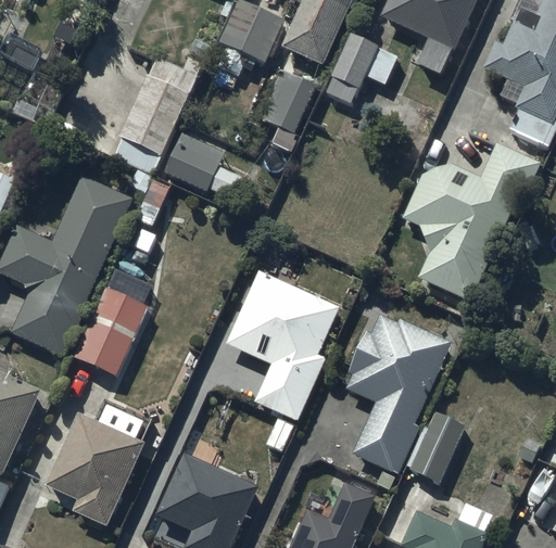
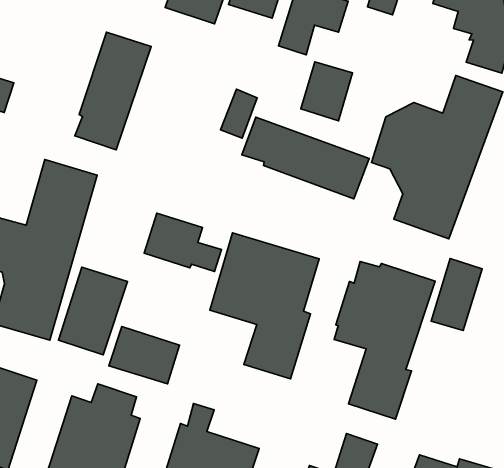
building: [260,71,315,131] -> [301,62,353,121]
building: [164,133,241,197] -> [144,213,222,271]
building: none -> [242,117,369,199]
building: none -> [109,326,180,384]
building: [409,410,466,483] -> [431,258,482,331]

